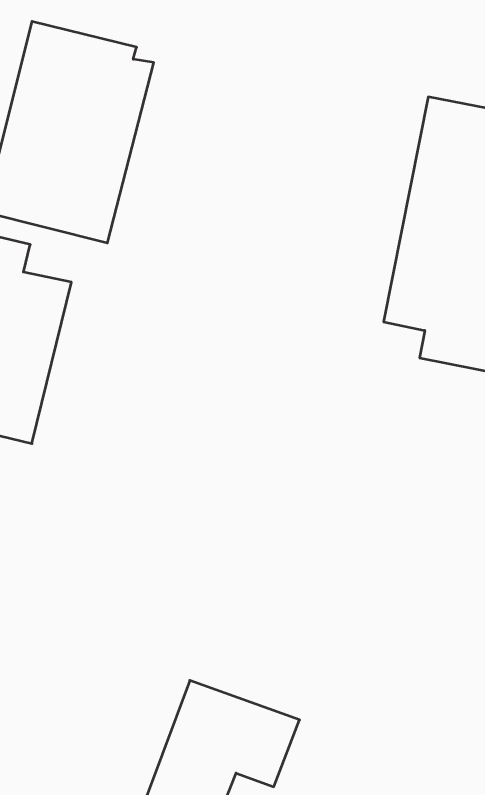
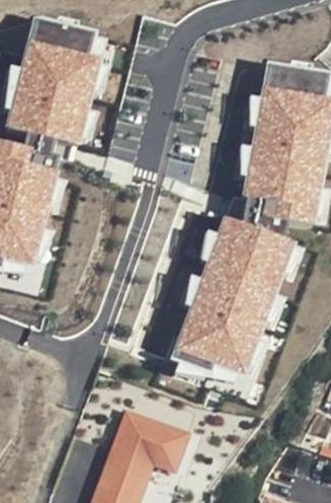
building: none -> [176,220,293,376]

